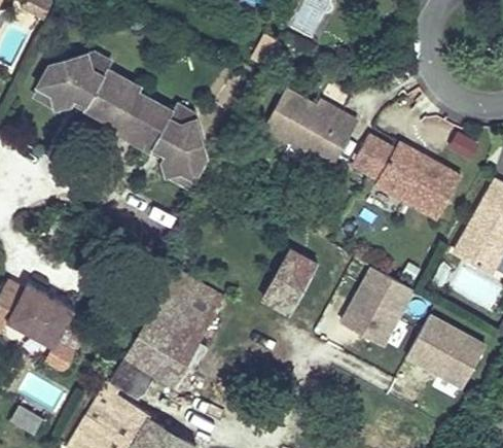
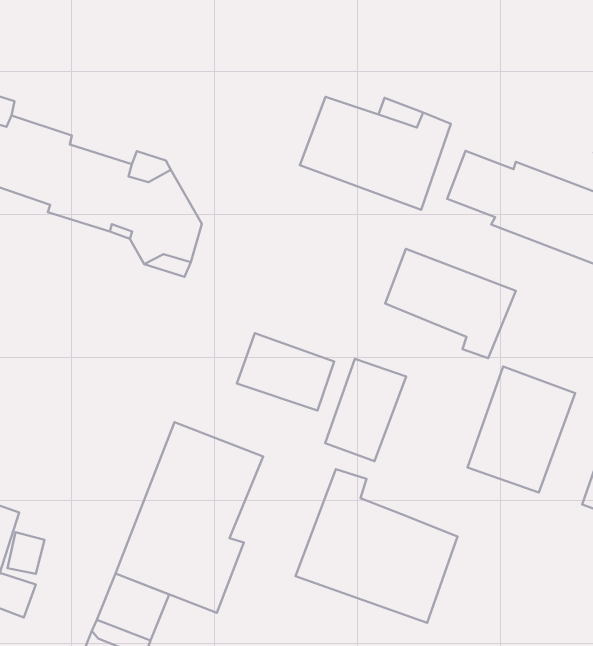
building: none -> [385,249,516,358]
building: none -> [237,333,334,411]
building: none -> [296,469,457,623]

